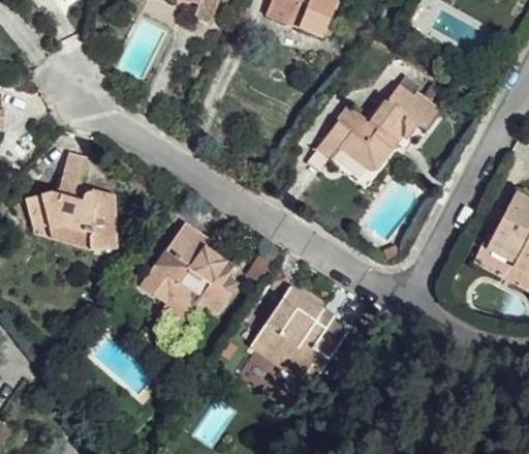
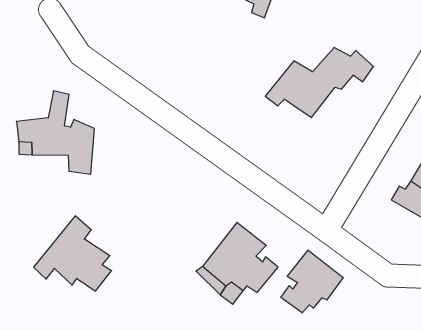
building: [153,226,245,313] -> [34,216,112,291]
building: none -> [281,250,343,313]

